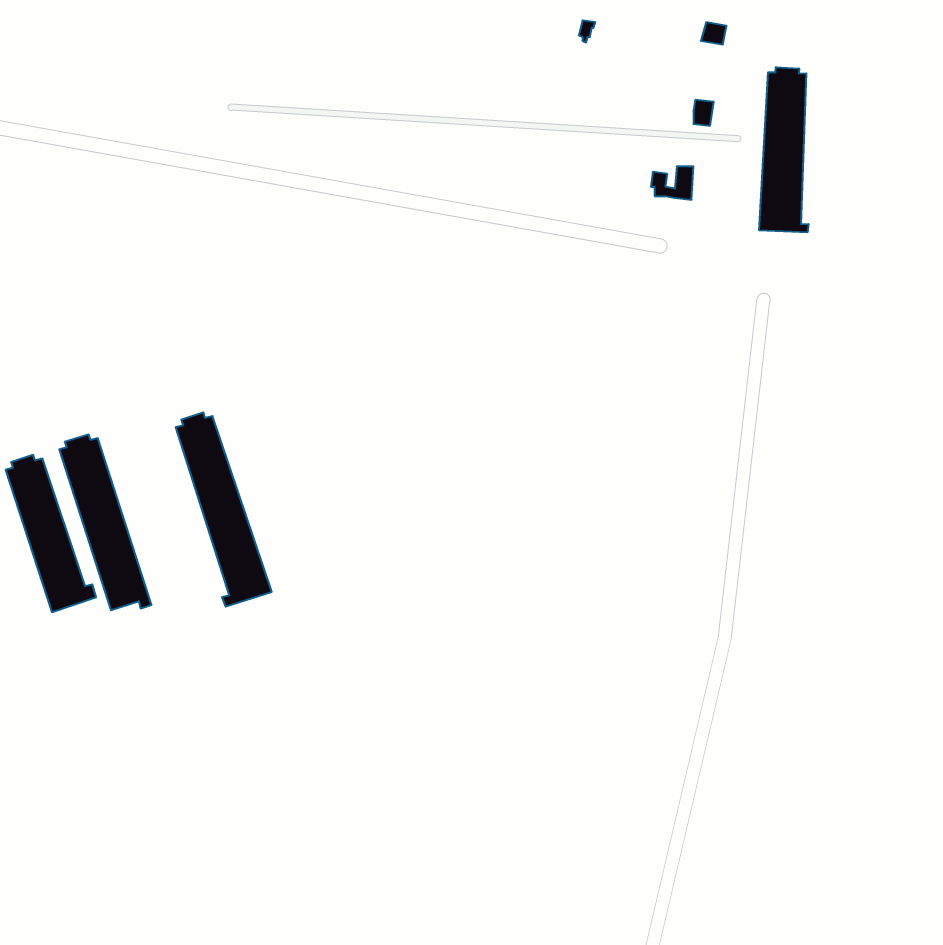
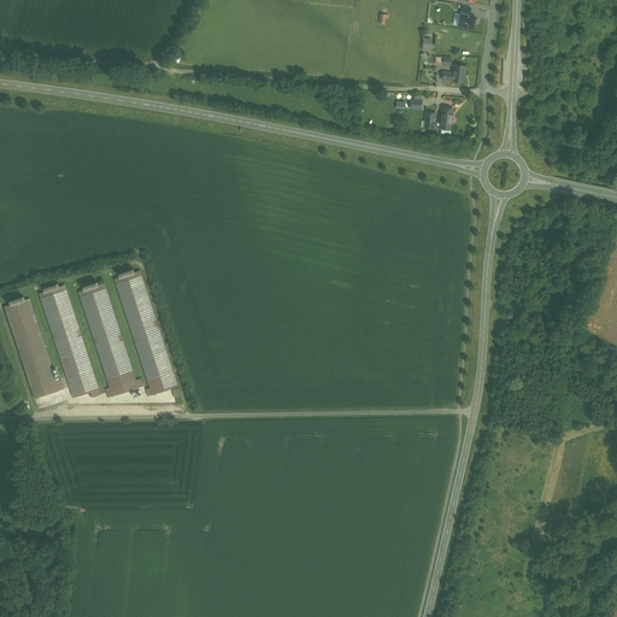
building: [759,67,808,232] -> none
building: none -> [78,282,142,398]

